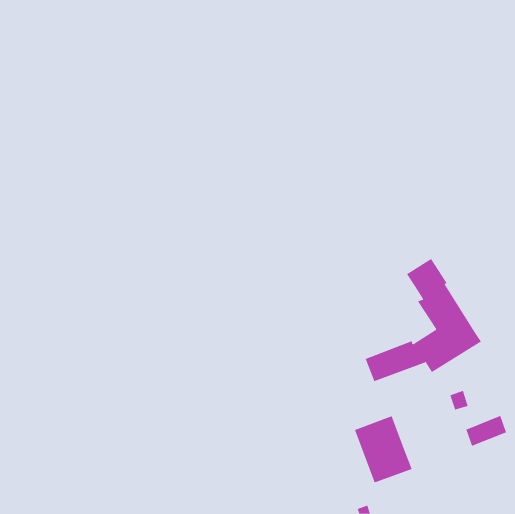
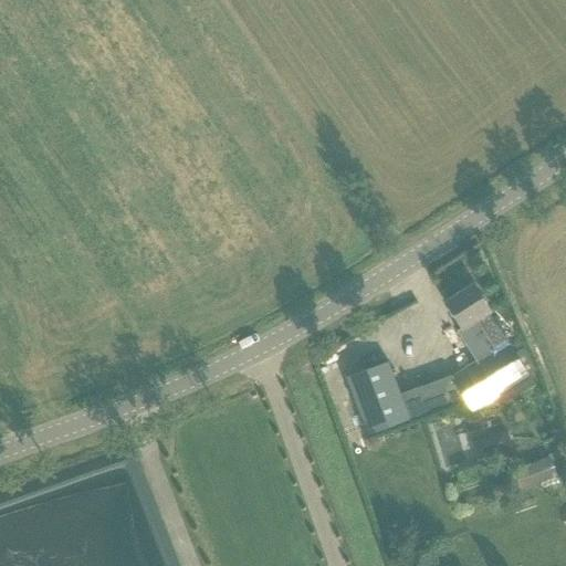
building: [354,416,412,483] -> [346,360,410,434]

